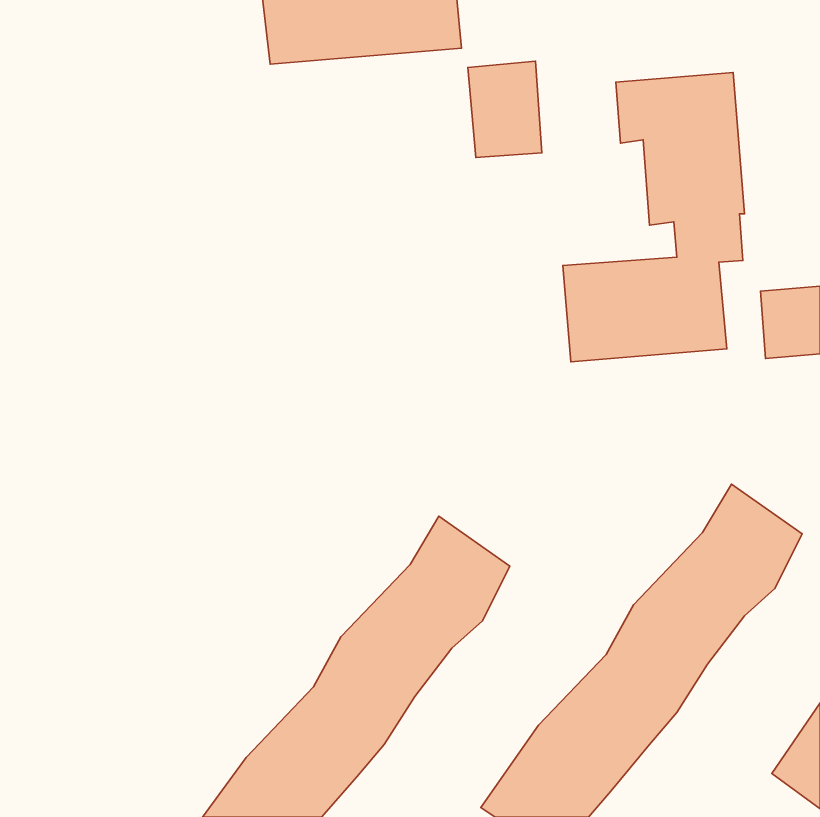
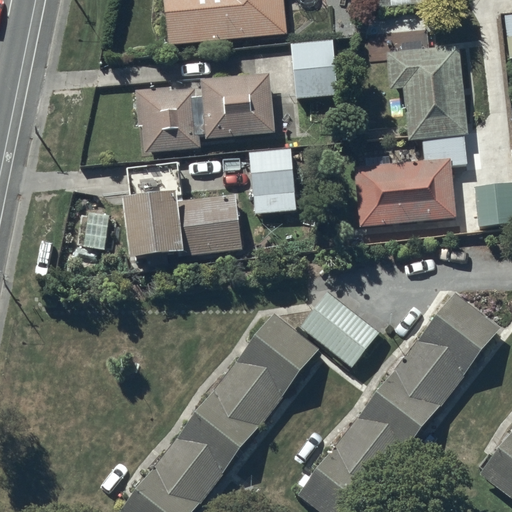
building: none -> [134,72,272,150]
building: none -> [248,145,294,211]
building: none -> [124,159,241,264]
building: none -> [300,292,378,368]

